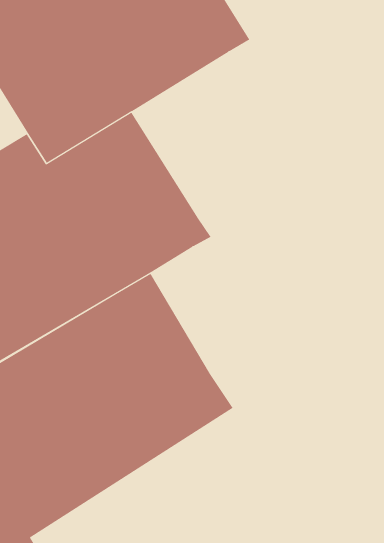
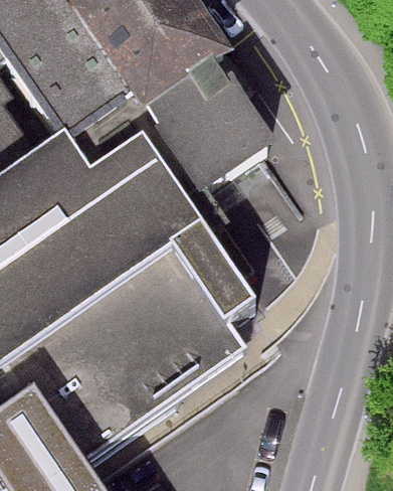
building: none -> [145,61,277,196]
building: none -> [169,219,255,320]

